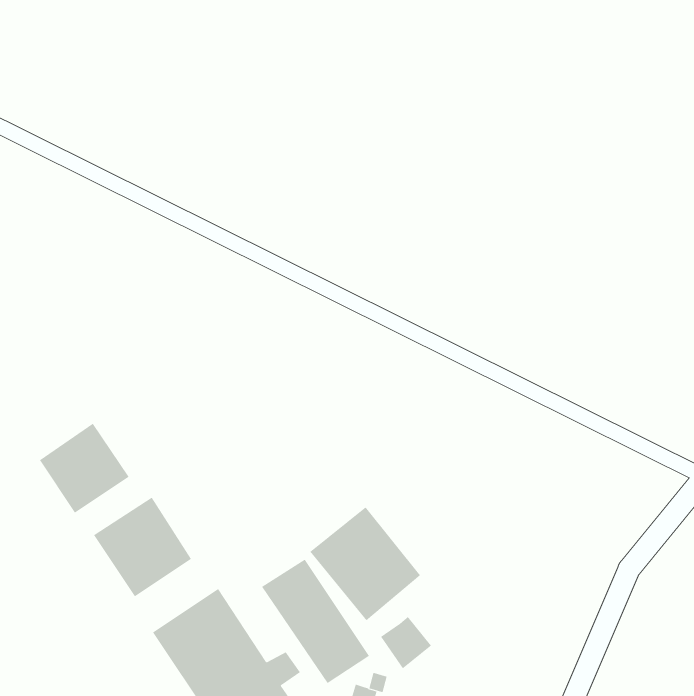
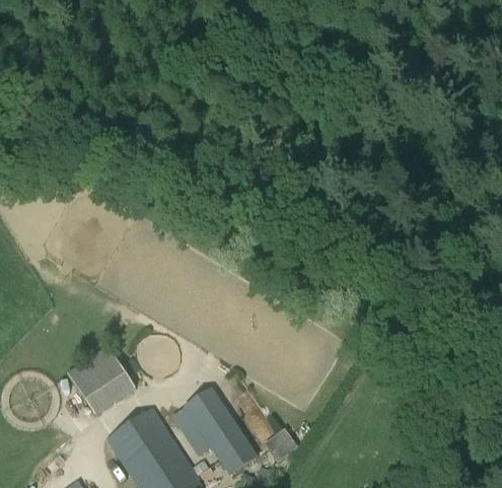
building: [39,423,130,514] -> none
building: [309,506,421,621] -> none

